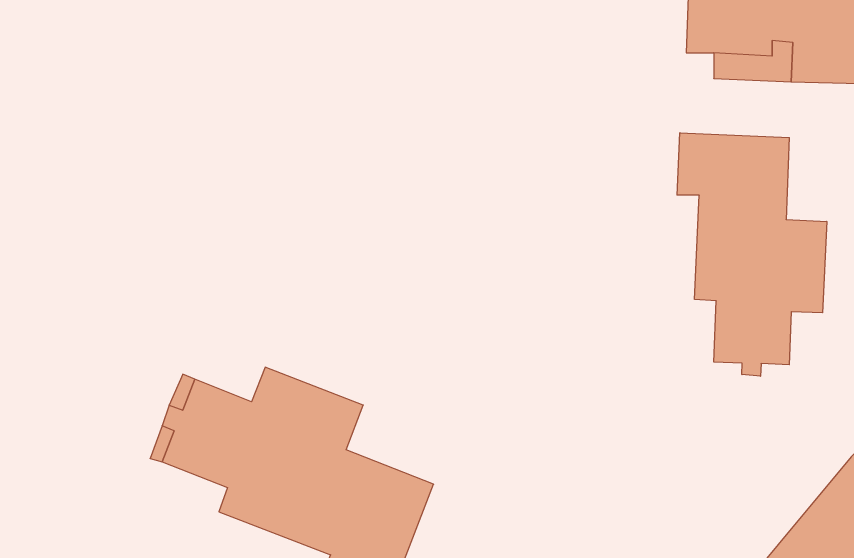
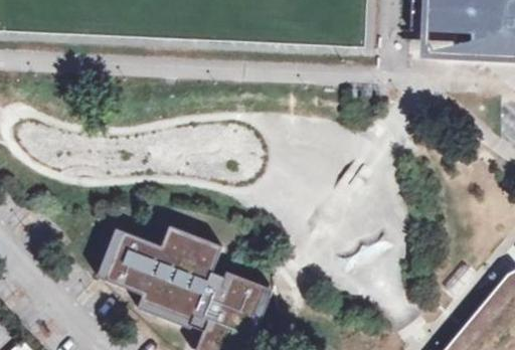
building: [677,133,827,376] -> none

